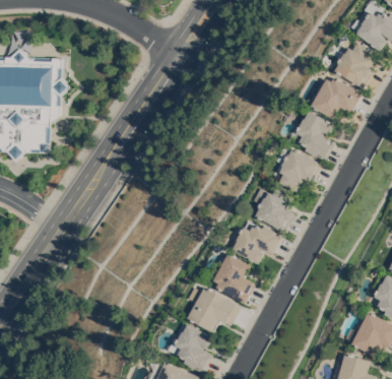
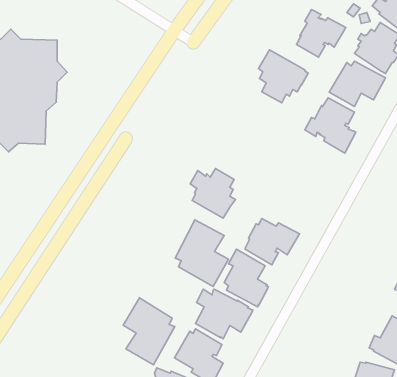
building: none -> [297,10,346,57]
building: [276,144,322,193] -> [258,50,308,103]
building: [254,187,296,233] -> [190,168,235,218]
building: none -> [175,220,228,286]
building: none -> [123,298,175,365]

